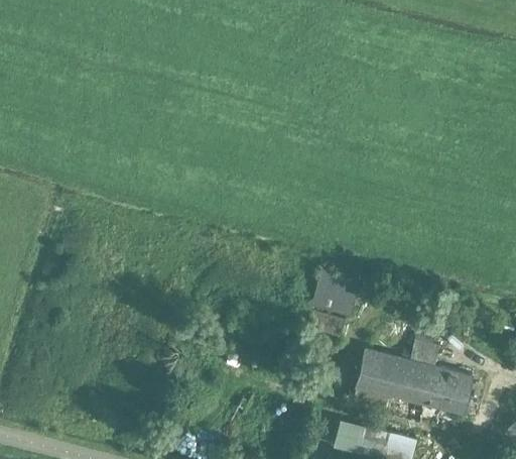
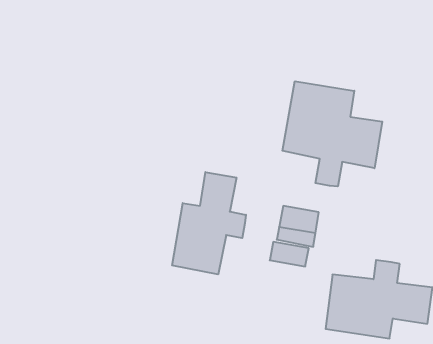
building: none -> [282,81,382,186]
building: none -> [172,172,246,274]

